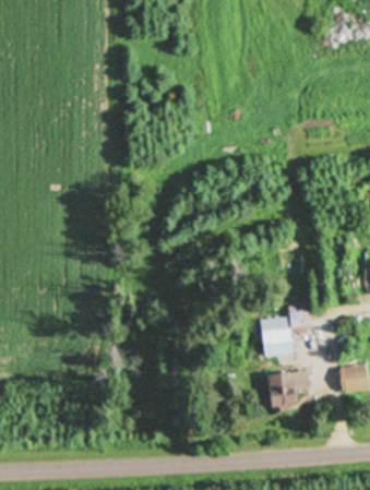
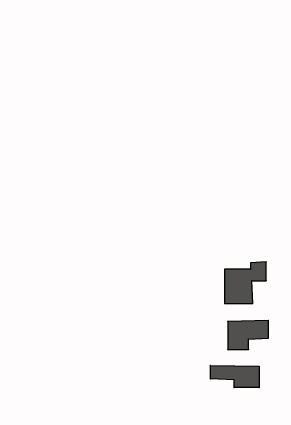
building: none -> [210,365,259,388]

